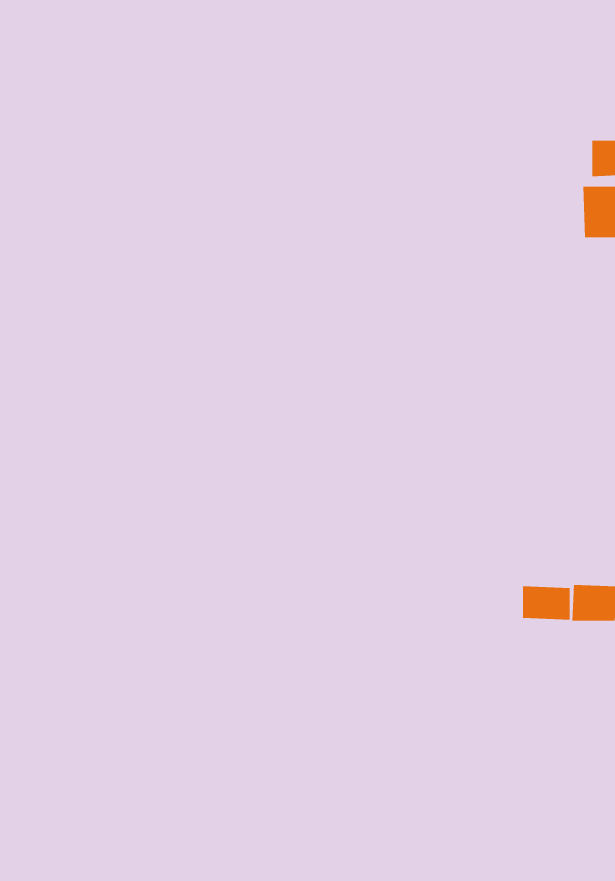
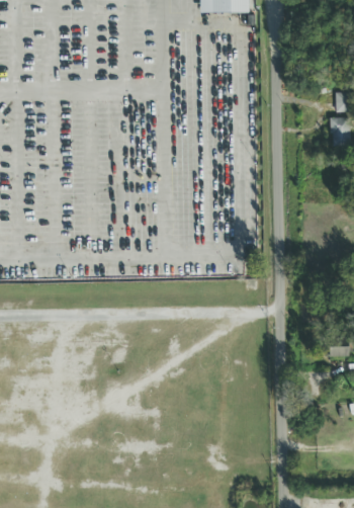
building: [522,585,570,621] -> none

